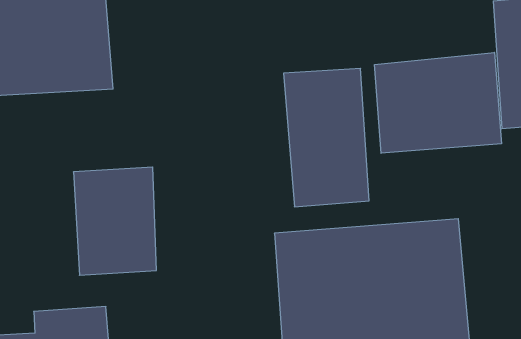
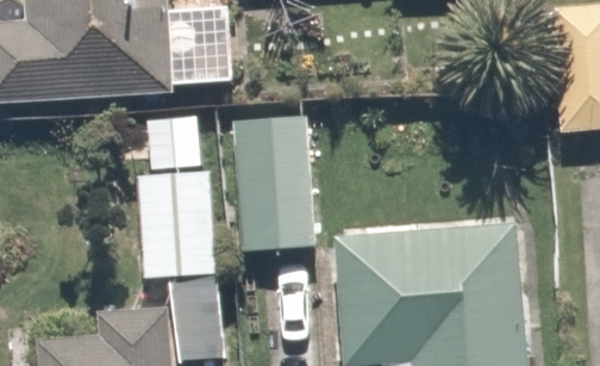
building: [375,52,501,153] -> none
building: [284,68,369,207] -> [230,116,314,253]

